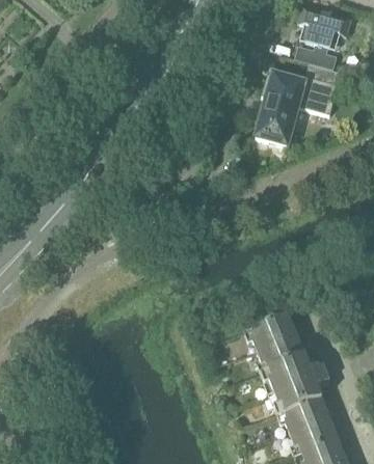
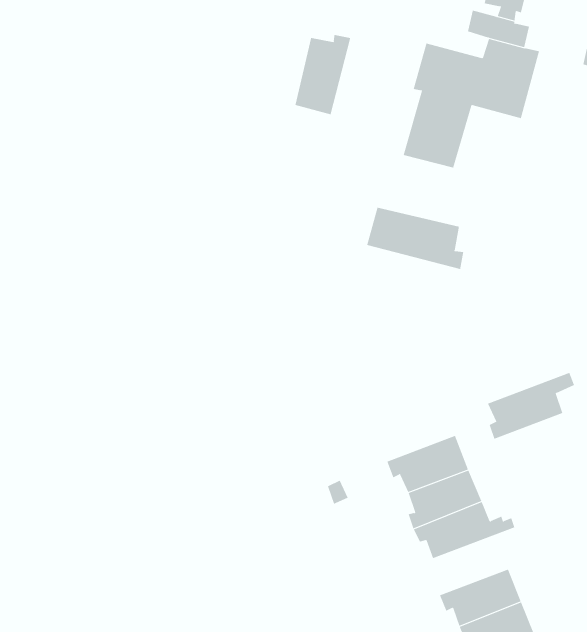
building: none -> [295,34,351,115]
building: none -> [367,207,464,270]
building: [274,373,329,415] -> [487,372,575,440]

